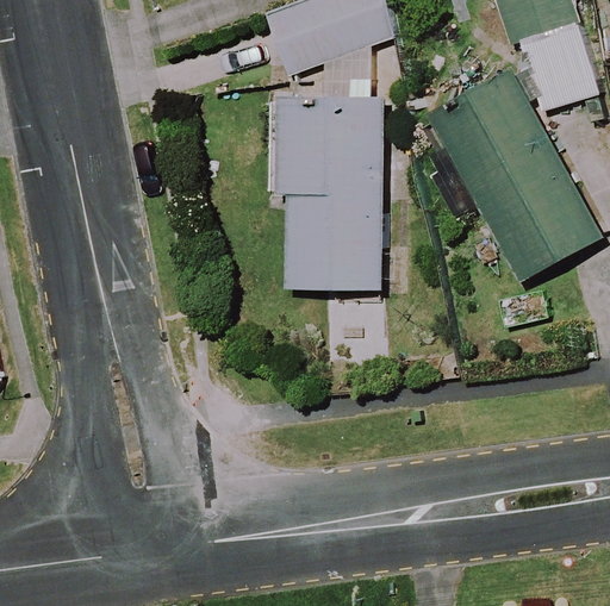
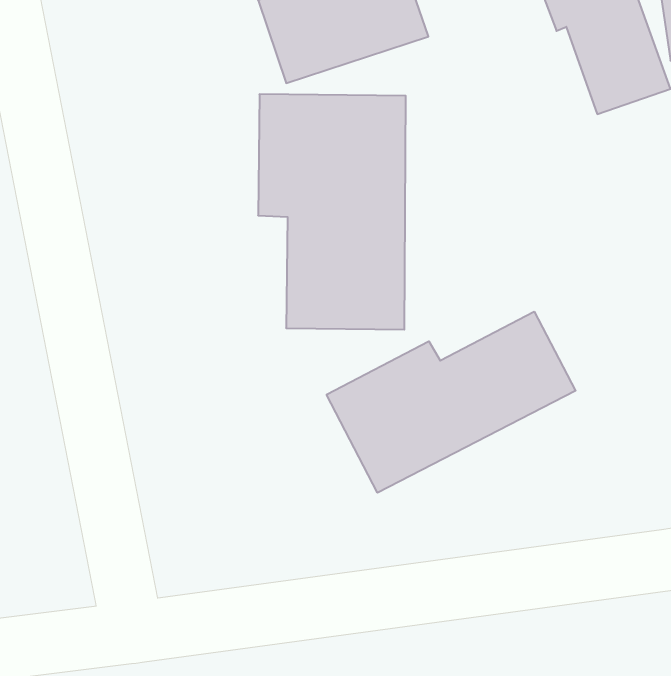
building: [434,70,602,279] -> none
building: none -> [327,312,576,493]

